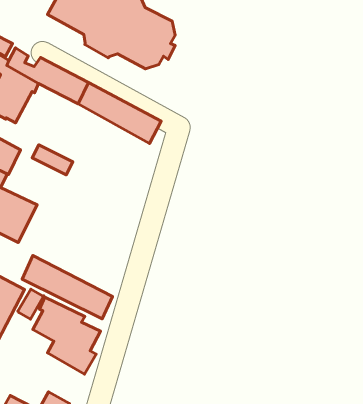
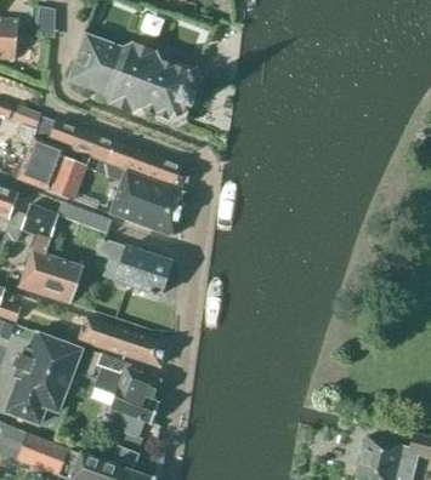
building: none -> [50,156,85,199]
building: none -> [109,171,182,236]
building: none -> [95,238,170,295]

